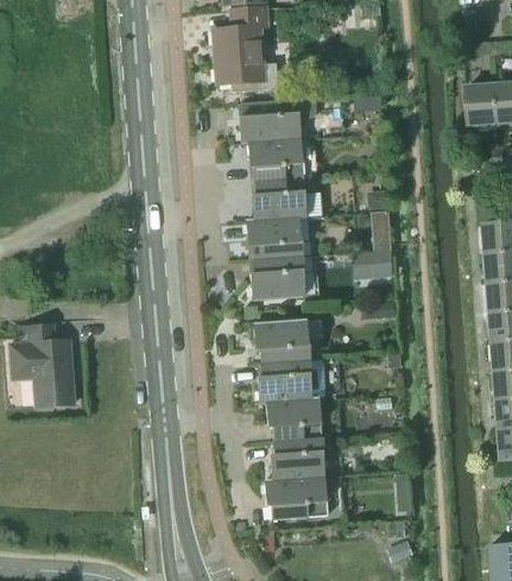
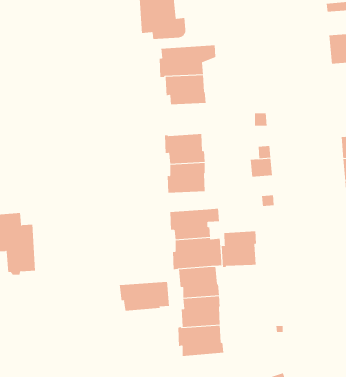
building: [251,178,304,222] -> none
building: none -> [221,230,261,268]
building: none -> [119,281,170,311]

